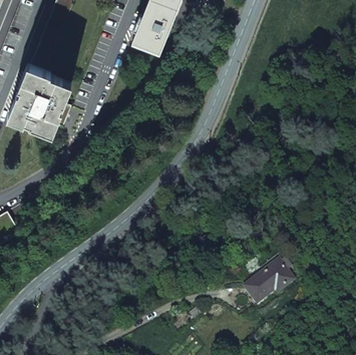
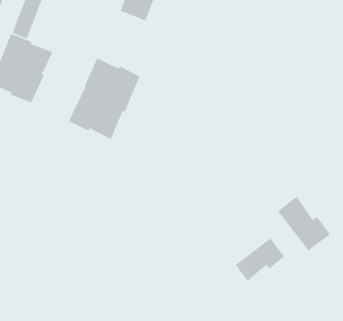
building: none -> [68,58,140,140]
building: none -> [277,196,331,252]

